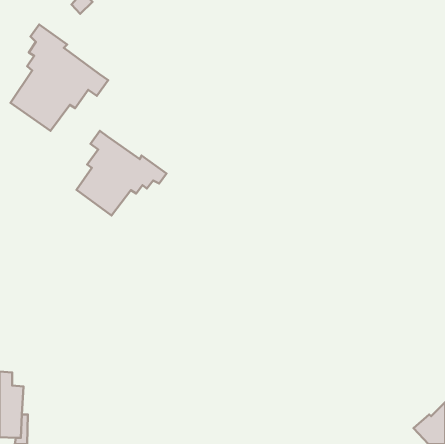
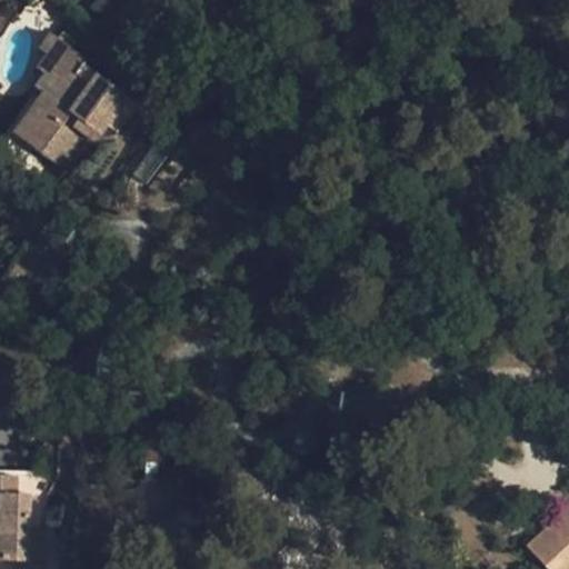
building: [76,131,166,216] -> none

